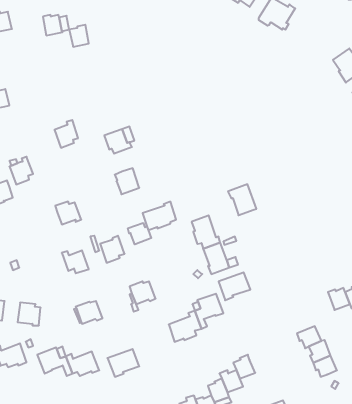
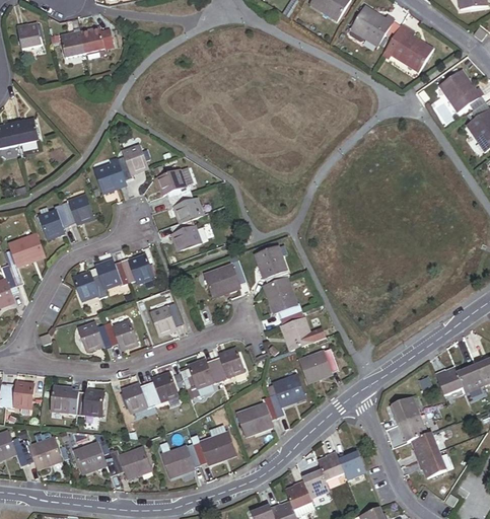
building: none -> [382,24,433,70]
building: [69,25,89,47] -> [61,30,85,58]
building: none -> [118,146,148,181]
building: none -> [169,193,203,223]
building: none -> [61,197,93,226]
building: [228,184,256,215] -> [255,246,290,285]
building: none -> [121,254,154,284]
building: none -> [73,272,108,301]
building: [128,223,151,244] -> none
building: none -> [79,323,113,353]
building: none -> [213,349,243,381]
building: none -> [147,373,178,405]
building: none -> [76,389,104,417]
building: none -> [392,397,419,425]
building: none -> [191,426,234,465]
building: none -> [338,452,366,479]

